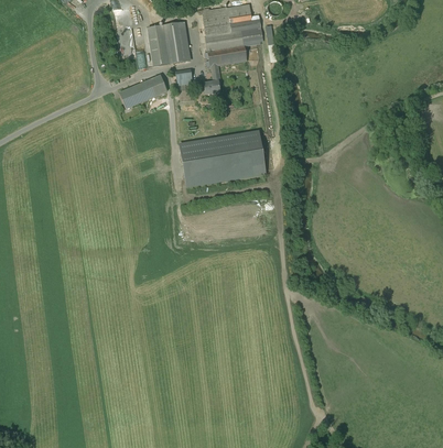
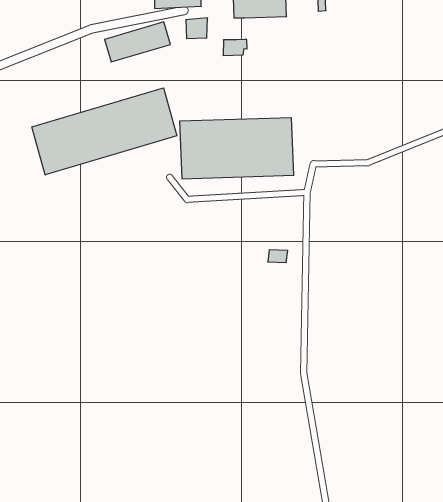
building: none -> [32,88,177,175]

